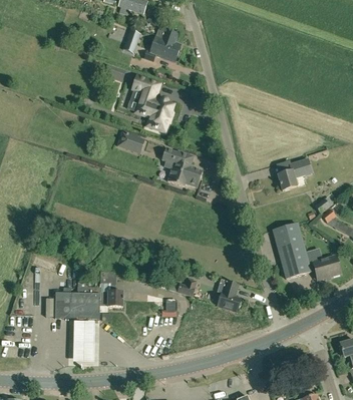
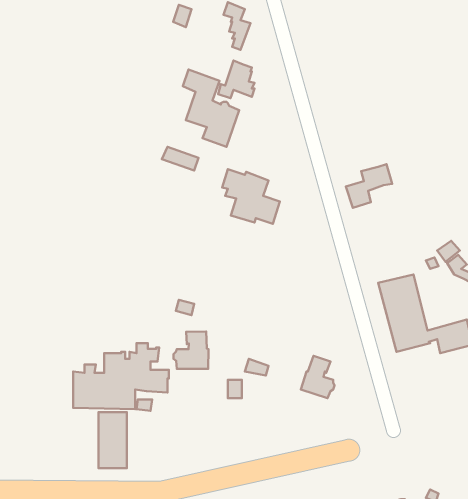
building: [144,34,170,61] -> [218,60,255,98]
building: [279,158,312,189] -> [346,164,392,208]
building: none -> [173,332,208,369]

